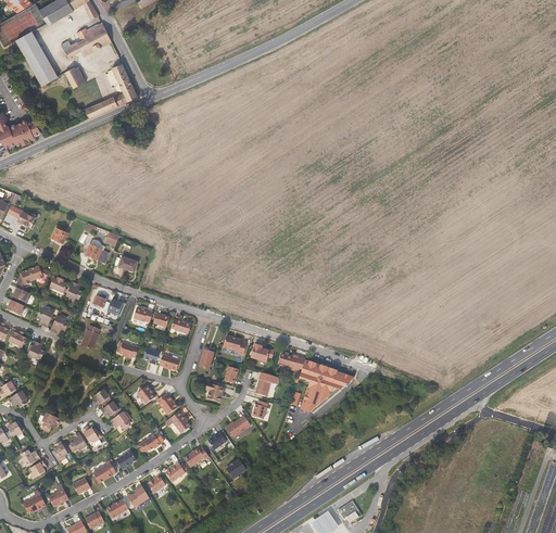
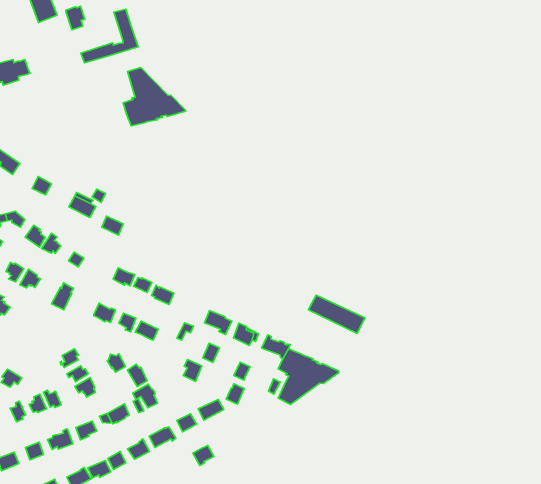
building: none -> [123,67,185,126]
building: none -> [308,295,365,333]

